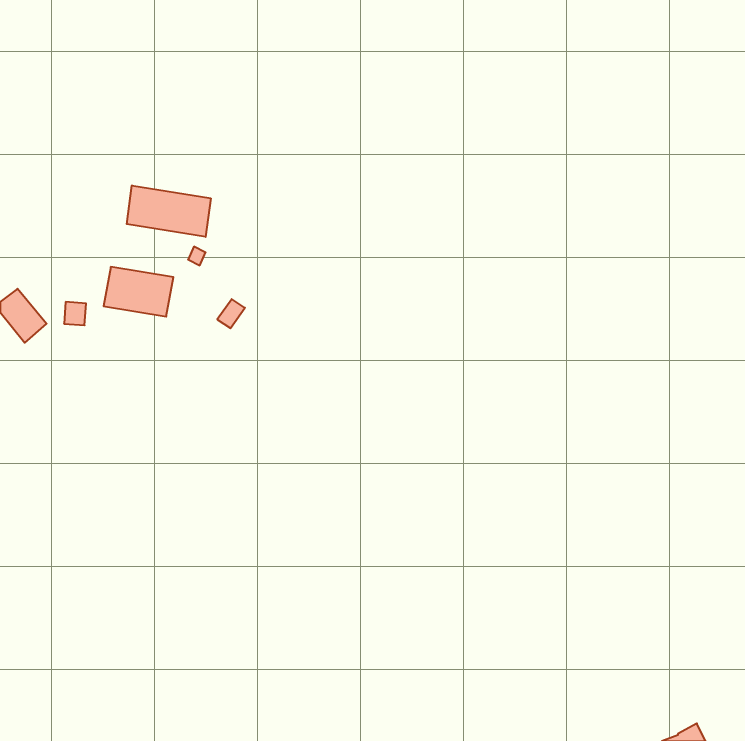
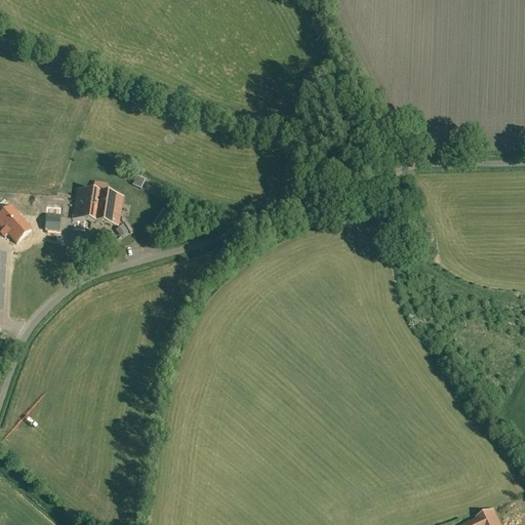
building: [127,185,211,237] -> none

